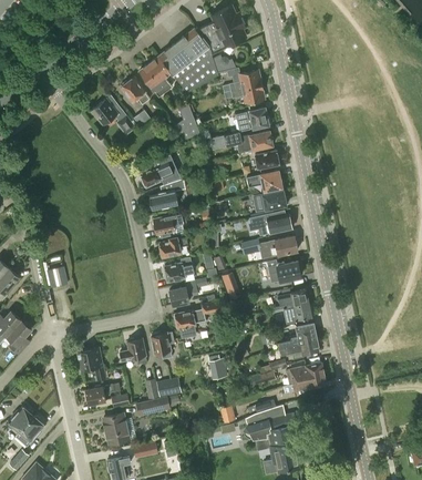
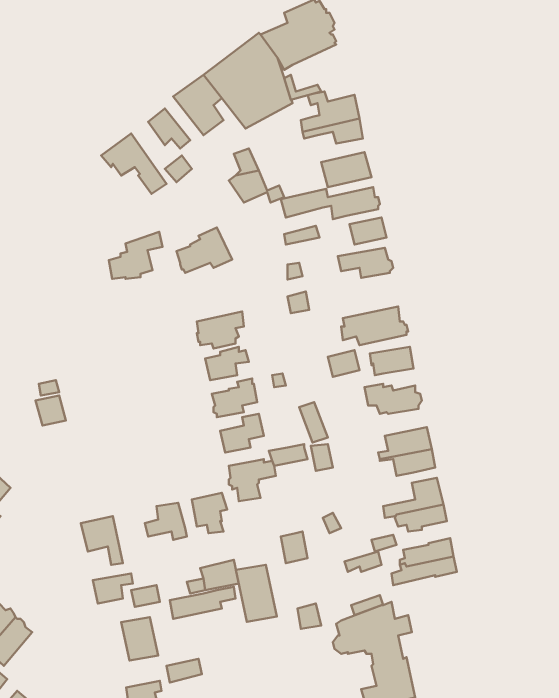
building: [150,177,185,208] -> [109,232,162,279]
building: [251,190,285,212] -> none
building: none -> [236,565,277,622]

